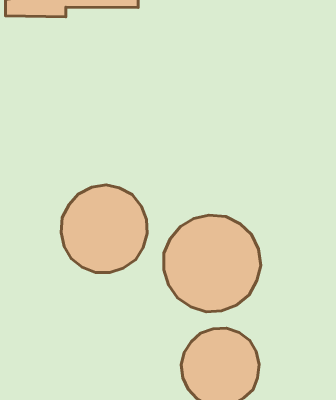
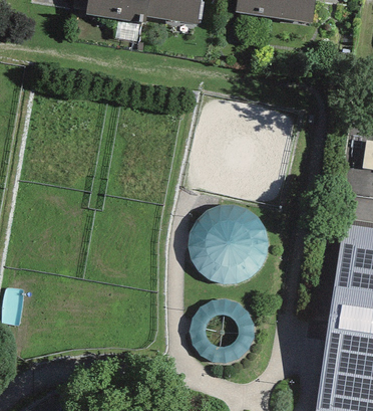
building: [61,185,147,272] -> none

